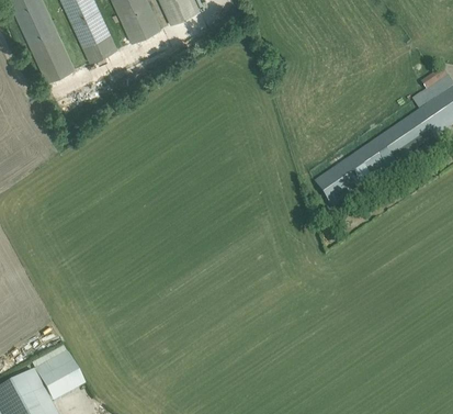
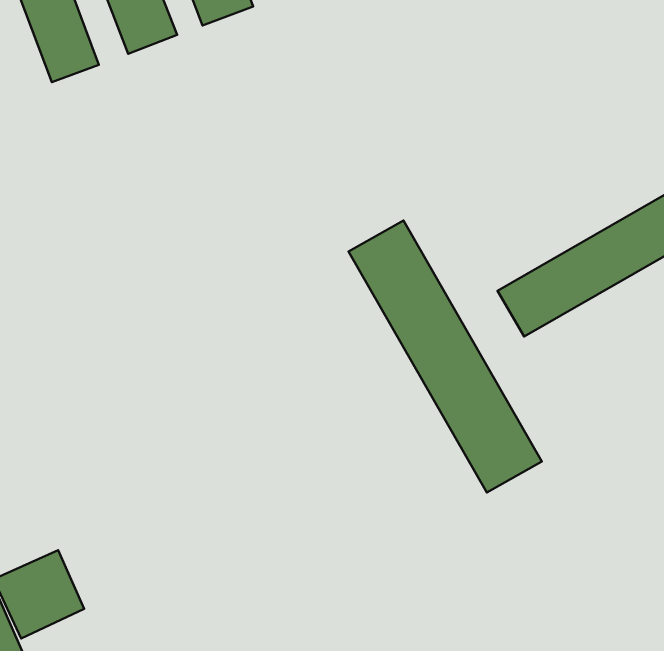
building: none -> [349,221,542,492]

